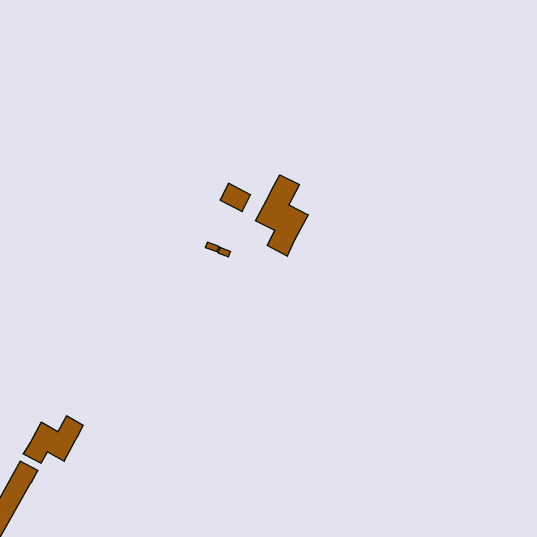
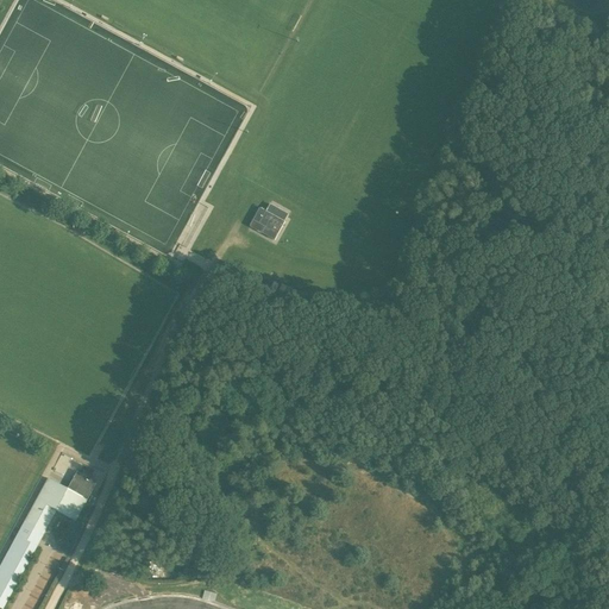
building: [255,175,308,256] -> none

